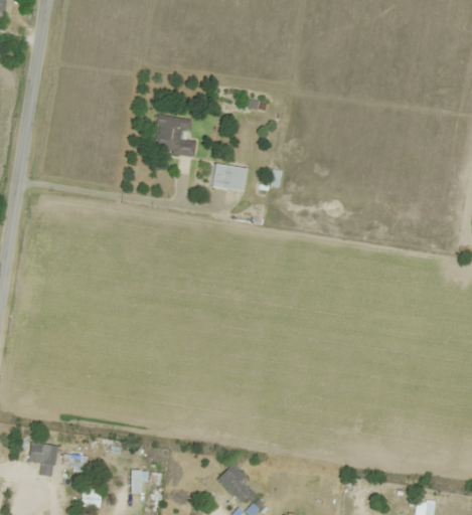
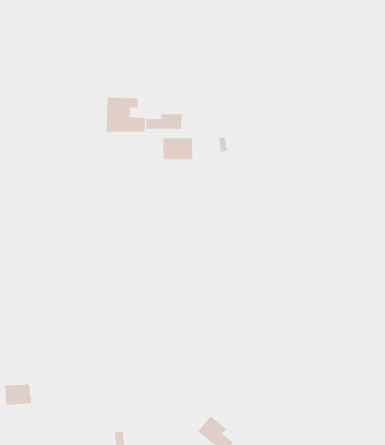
building: none -> [146,113,182,129]
building: [29,443,57,465] -> [4,384,32,405]

